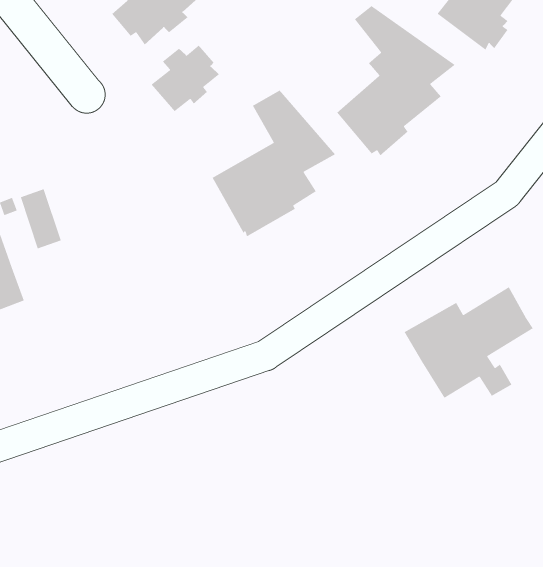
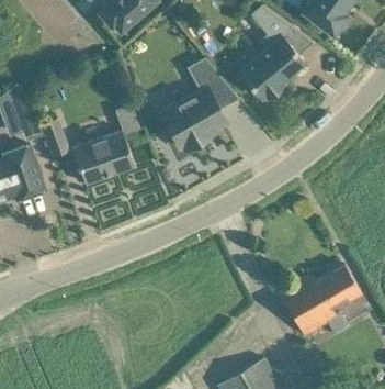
building: [150,44,220,112] -> none
building: none -> [73,131,135,185]
building: [404,286,534,399] -> [280,265,361,335]

